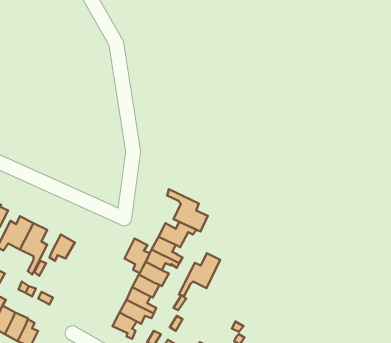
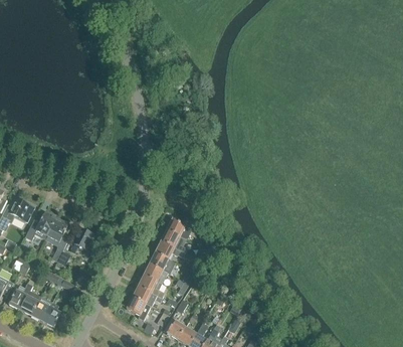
building: [167,189,208,231] -> none
building: [124,238,150,273] -> none
building: [179,253,220,296] -> none

